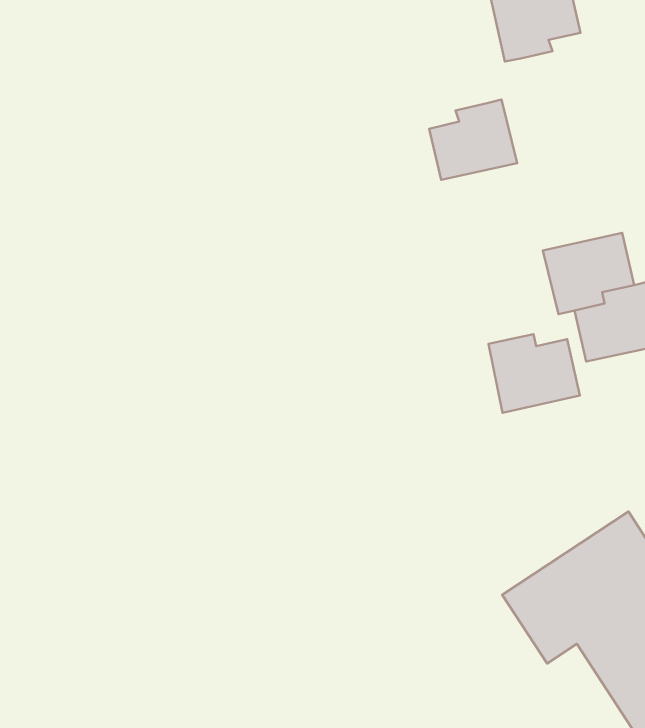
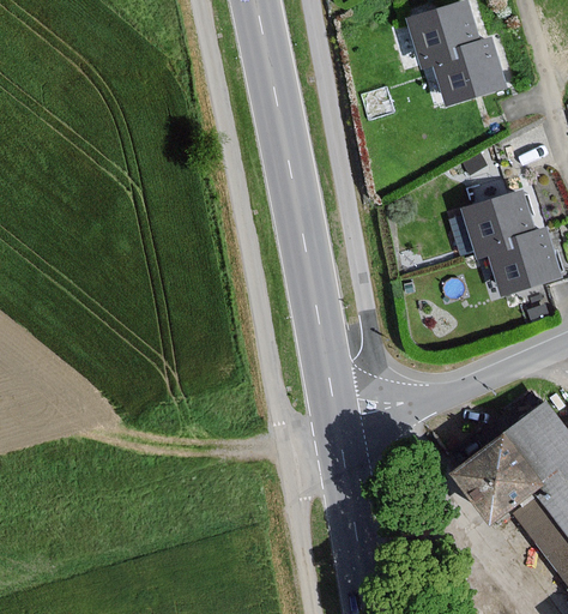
building: [429,100,517,180] -> [435,36,504,101]
building: [488,334,580,413] -> none

